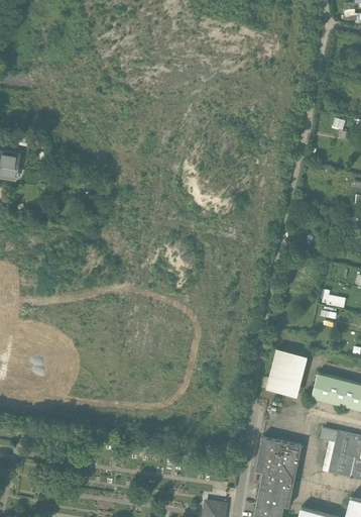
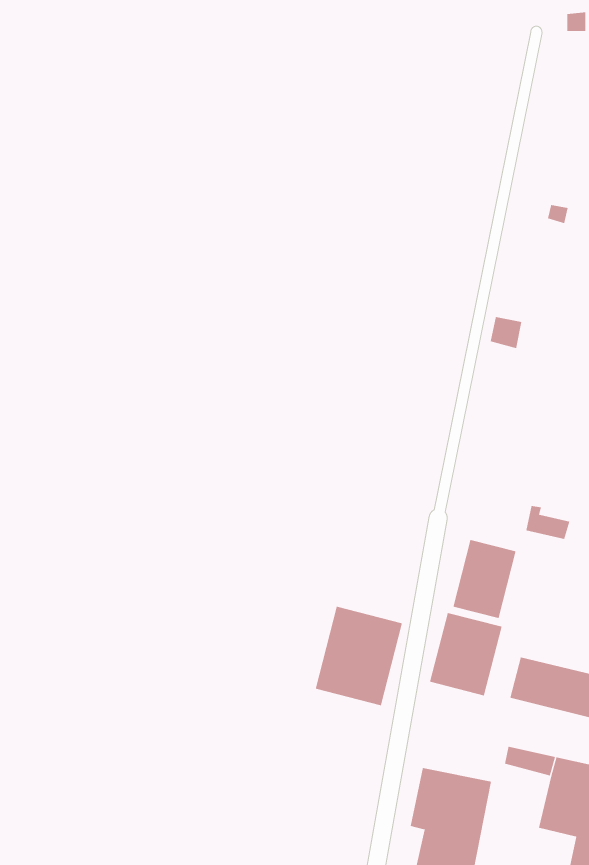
building: none -> [453,539,516,619]
building: none -> [315,606,403,706]

